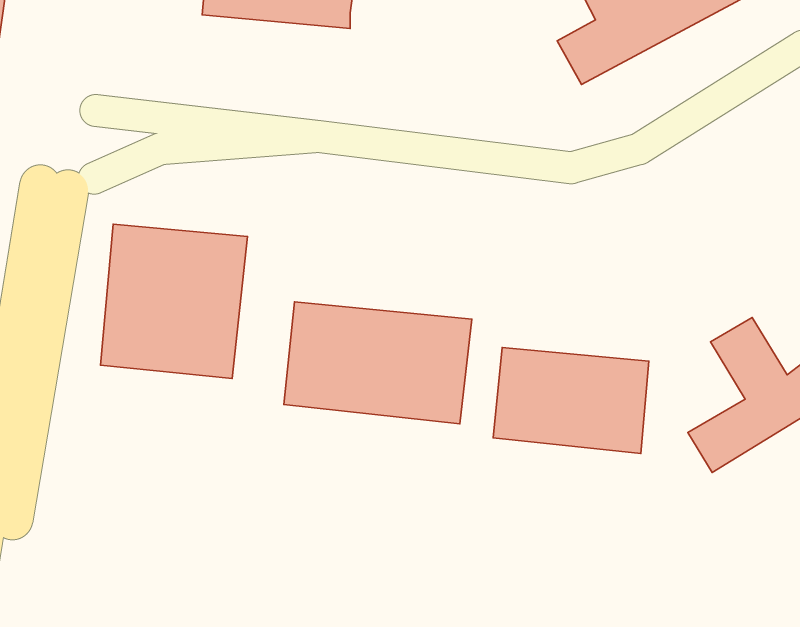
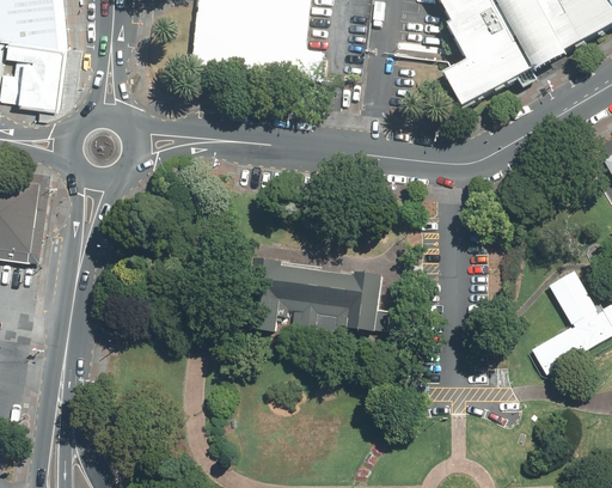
building: [100,224,248,379] -> none
building: [493,347,649,454] -> none

